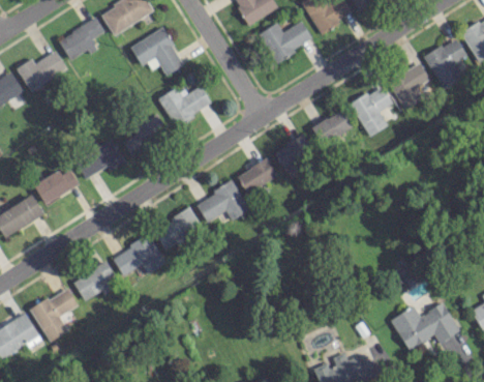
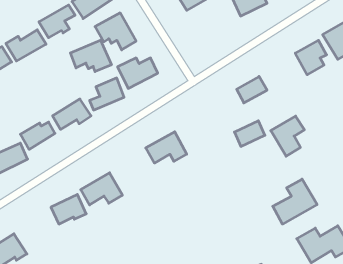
building: [259,21,312,62] -> none
building: none -> [70,40,111,72]
building: [350,85,393,137] -> [271,116,304,156]
building: [274,135,313,168] -> [234,121,265,146]
building: [237,158,277,193] -> none
building: [153,208,202,248] -> none
building: none -> [273,179,317,224]
building: [30,287,78,342] -> none

